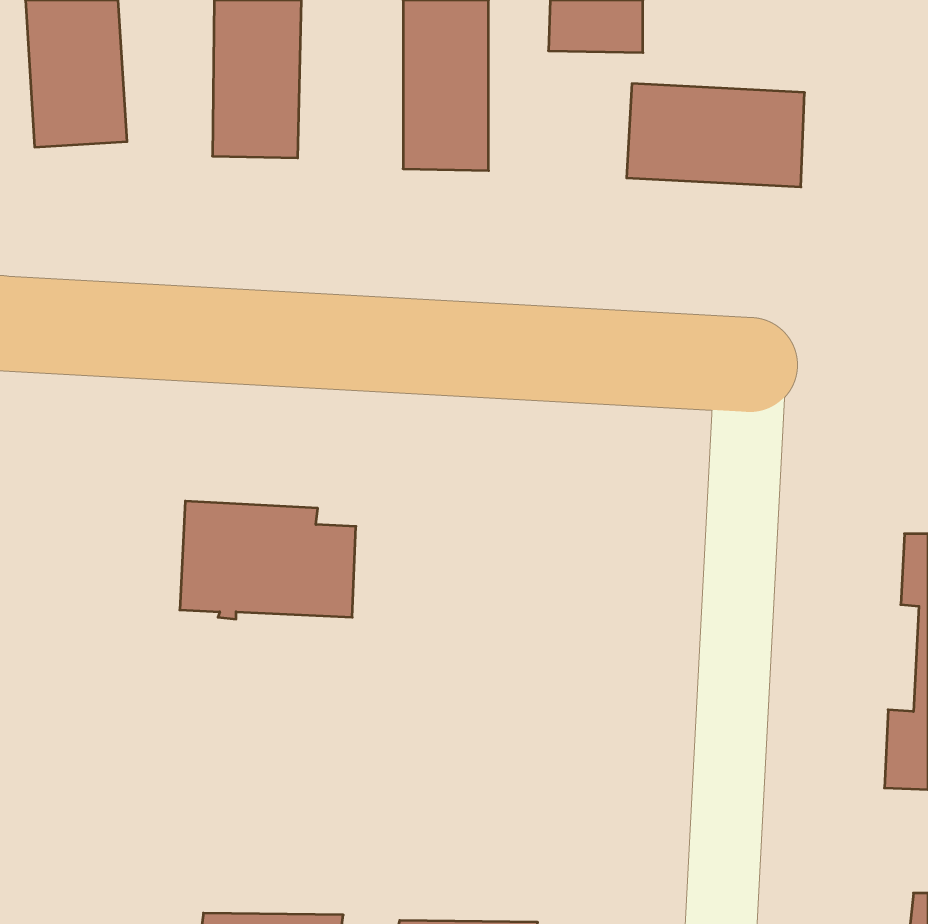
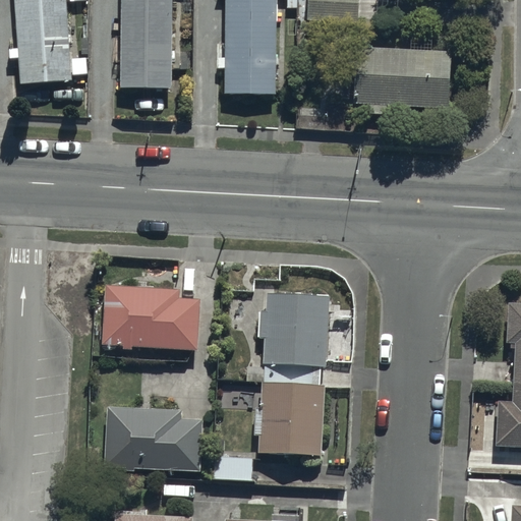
building: none -> [254,291,330,453]
building: none -> [105,407,201,469]

